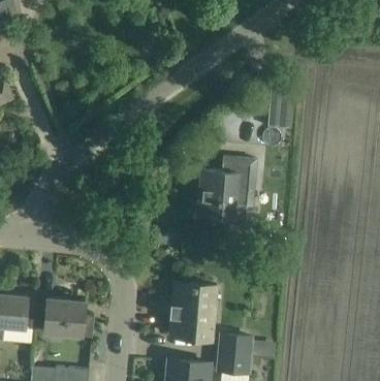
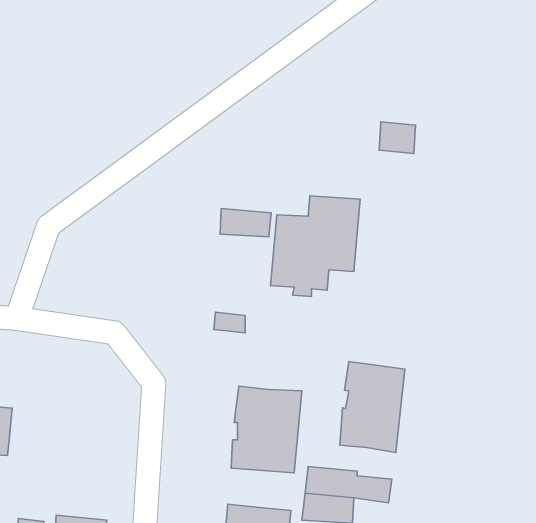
building: none -> [220,208,271,237]
building: none -> [340,362,405,452]
building: [44,298,93,337] -> none

